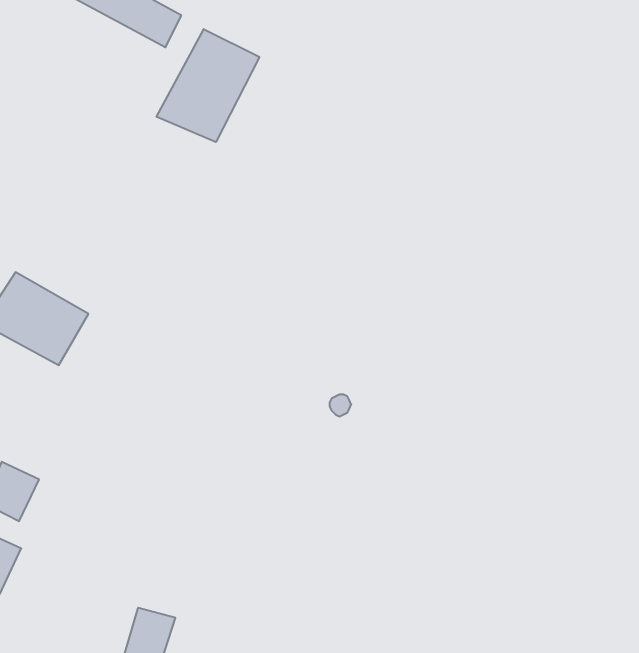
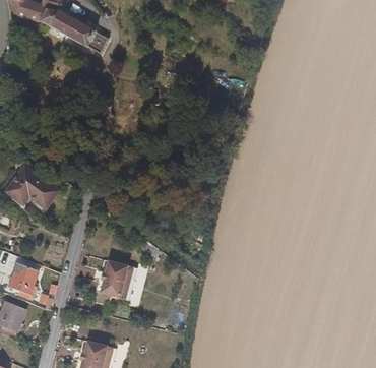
building: [156,29,259,142] -> none
building: none -> [98,259,126,297]

